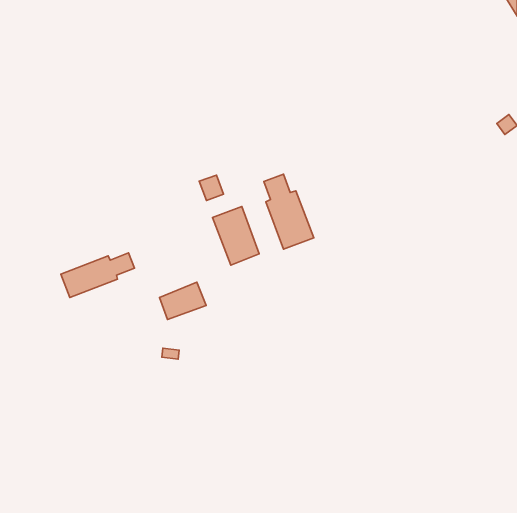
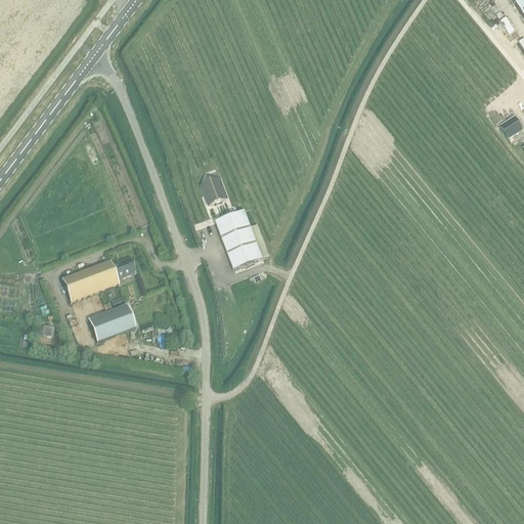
building: [264,174,314,249] -> none
building: [159,282,206,320] -> [88,302,135,340]

